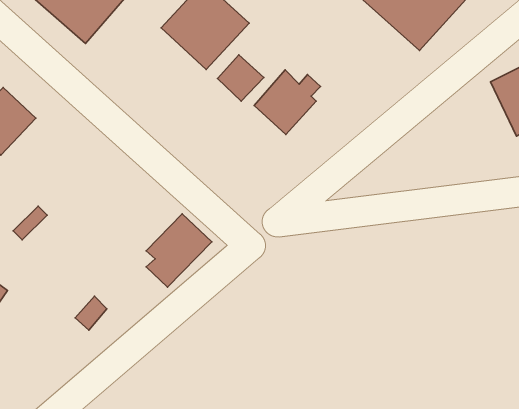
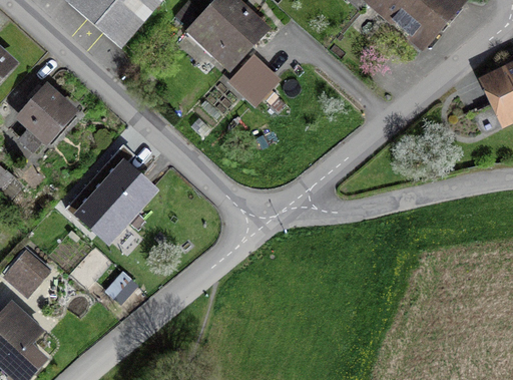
building: [254,70,320,135] -> none
building: [146,214,212,287] -> [92,165,150,231]

